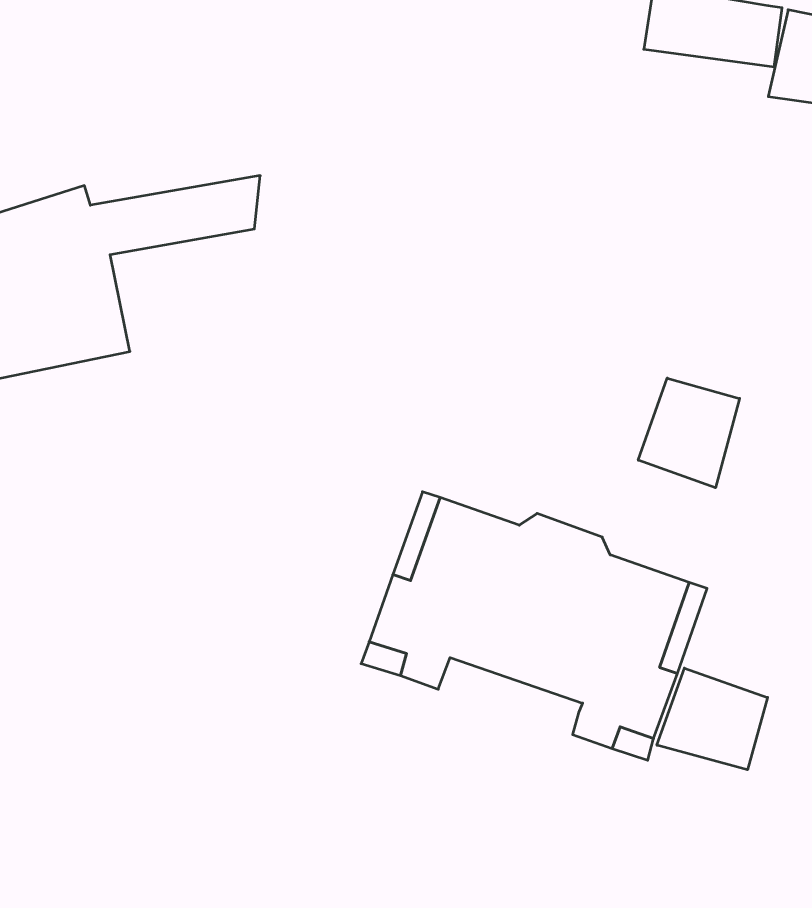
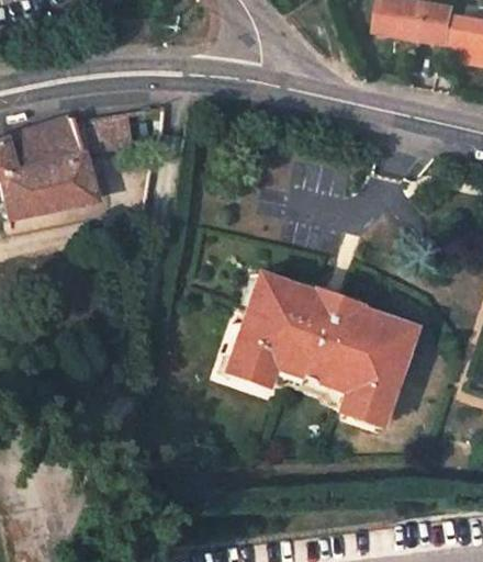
building: [638,378,740,488] -> none
building: [657,668,768,770] -> none

